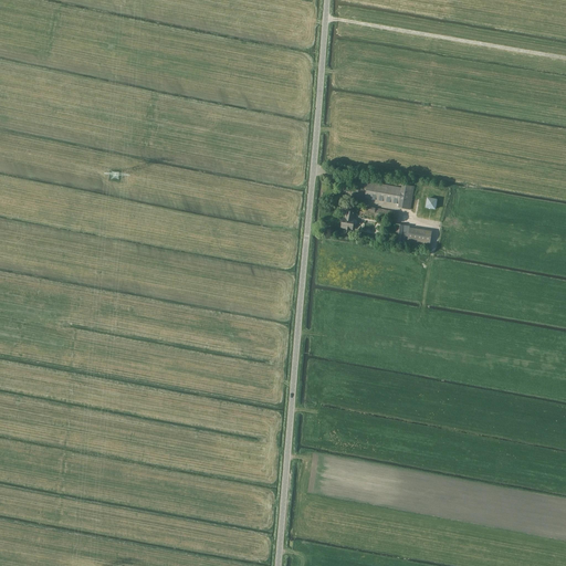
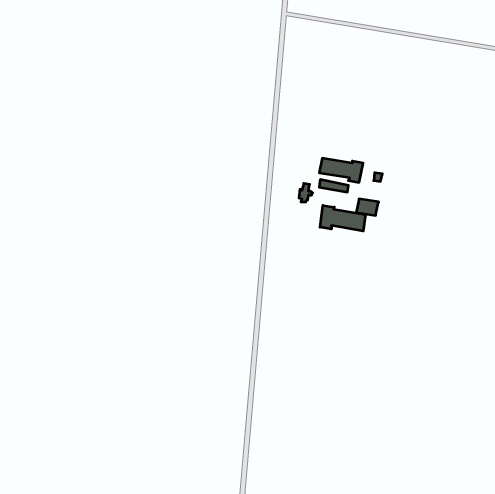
building: none -> [320,205,365,231]

